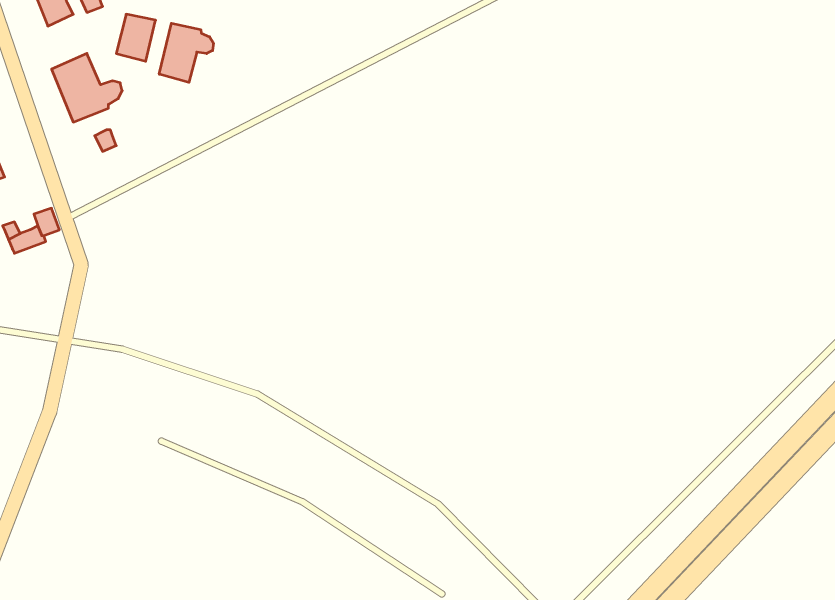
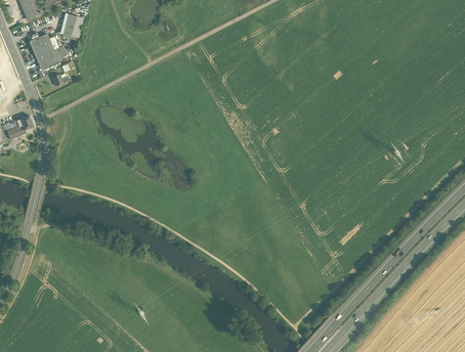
building: [159,23,213,82] -> none

